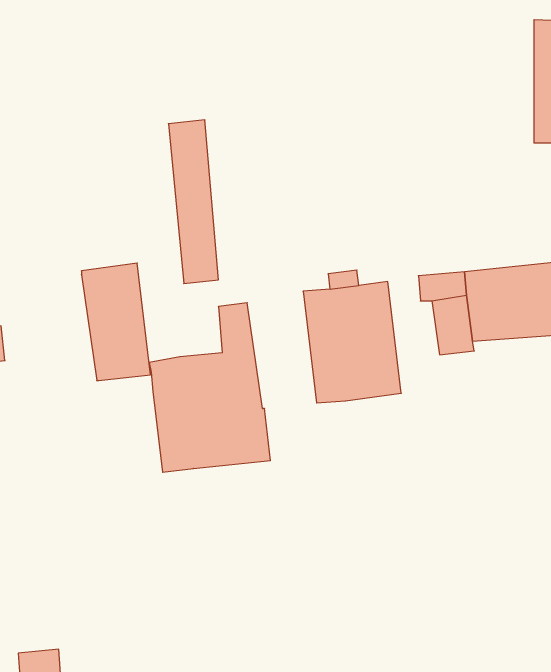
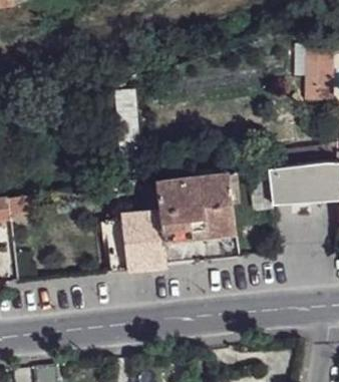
building: [81,263,151,381] -> [155,177,192,239]

